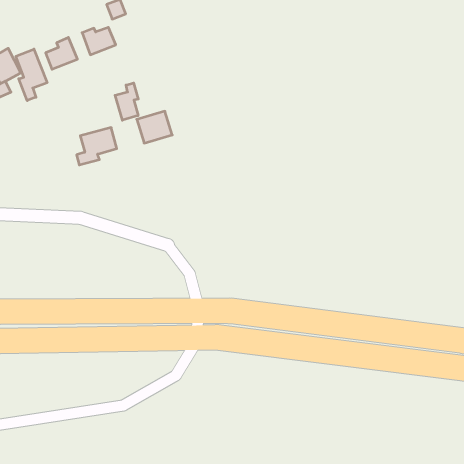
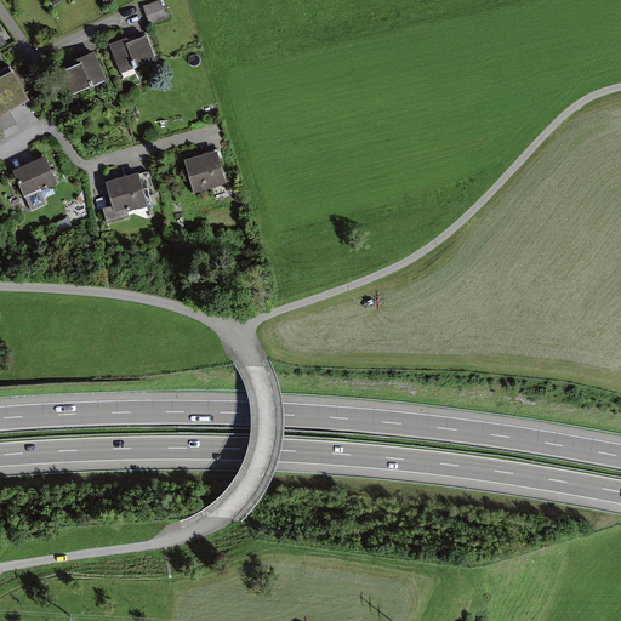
building: [16,49,47,101] -> none
building: [115,83,138,120] -> none
building: none -> [11,156,56,203]

